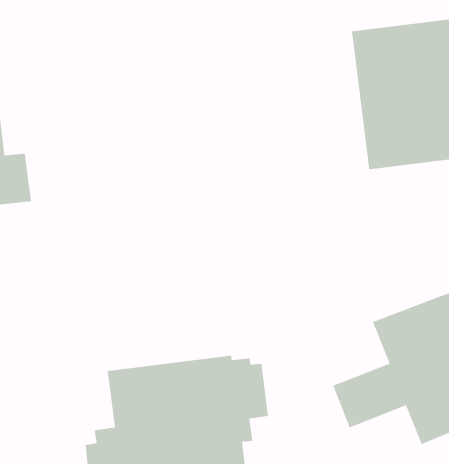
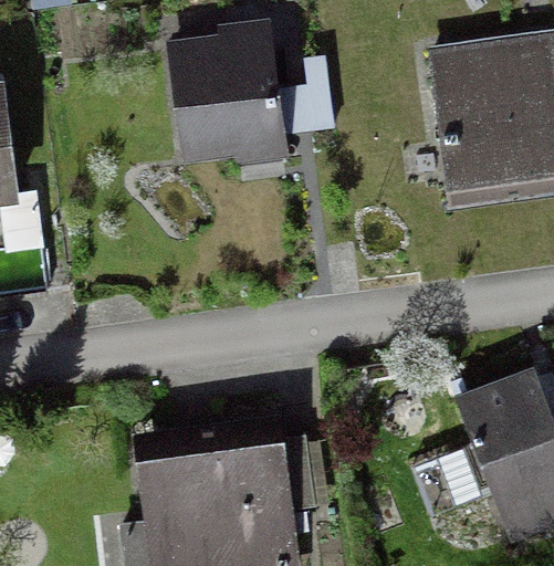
building: none -> [168,19,335,159]

